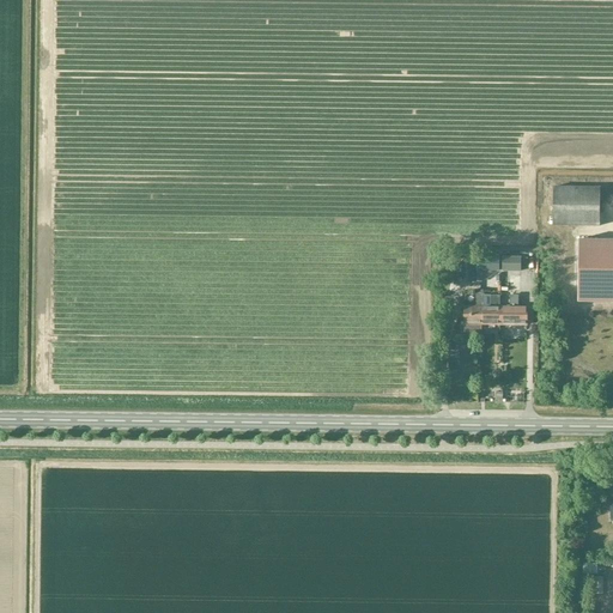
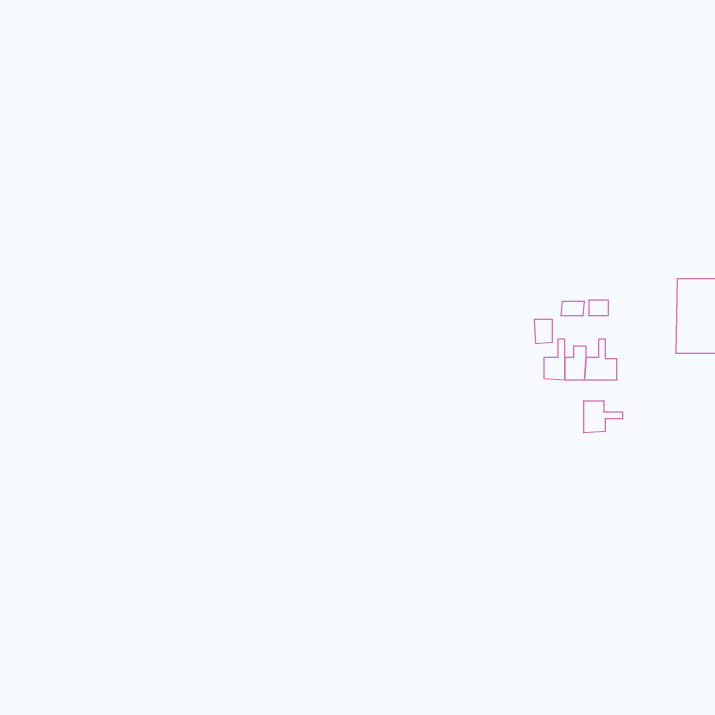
building: [554,187,600,225] -> none
building: none -> [584,401,622,433]

